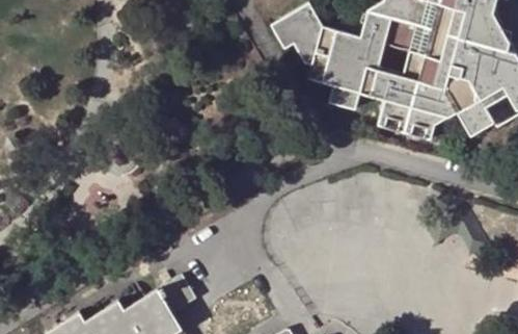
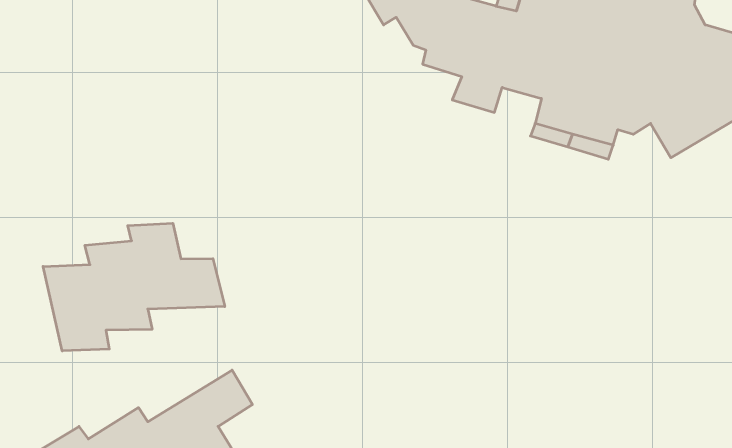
building: none -> [43,223,225,351]

